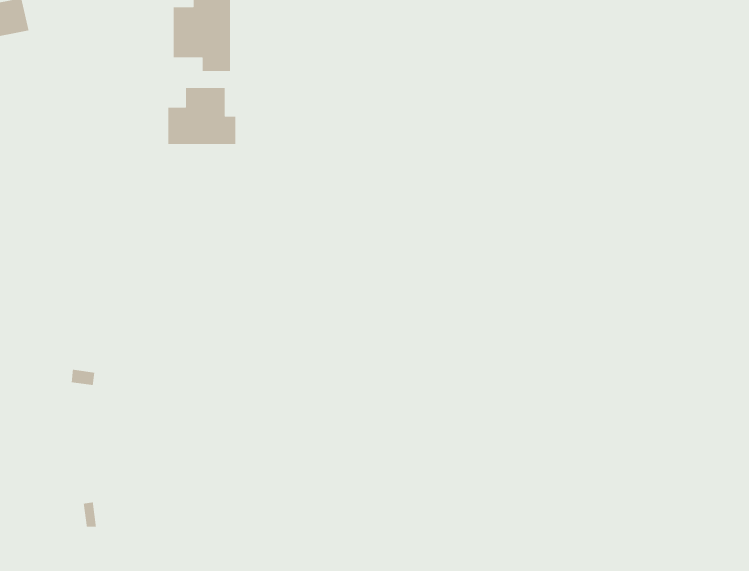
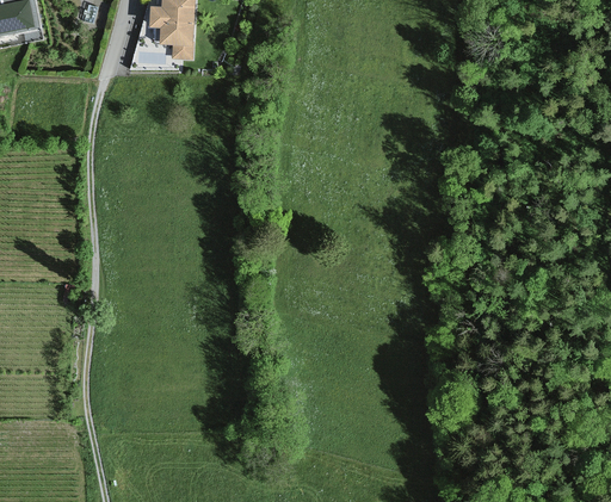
building: [167,87,236,145] -> none

